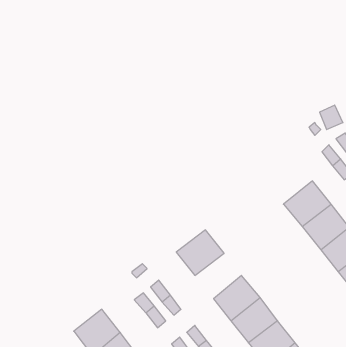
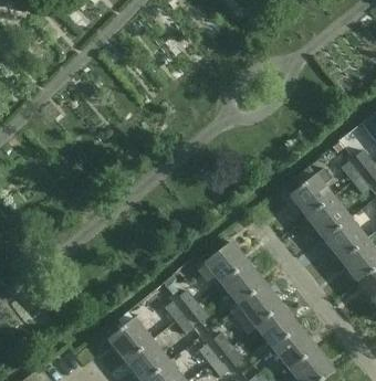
building: none -> [288,170,333,218]
building: none -> [221,264,265,307]

